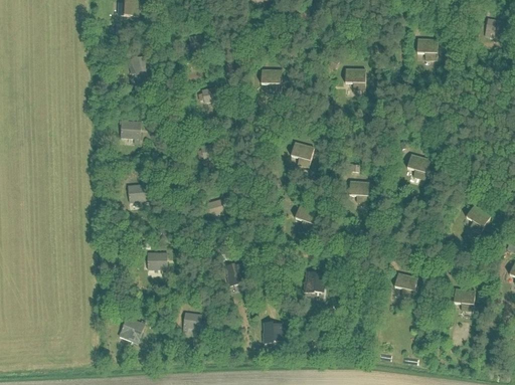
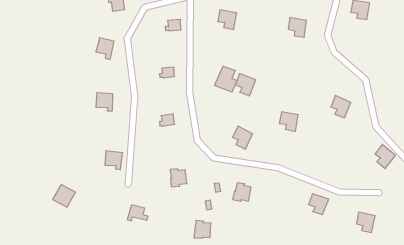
building: none -> [215,66,237,92]
building: [119,317,145,343] -> [53,185,76,207]

